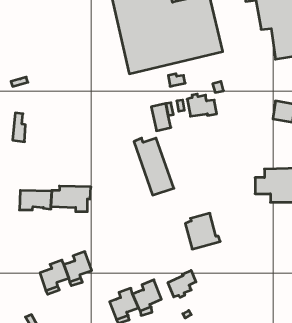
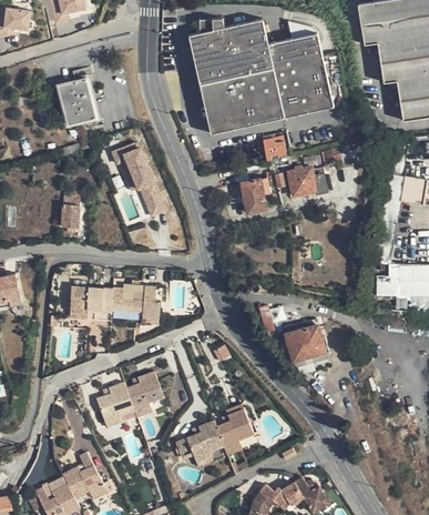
building: none -> [57,78,95,125]
building: [134,138,174,195] -> [114,144,166,219]
building: [168,270,196,297] -> none

